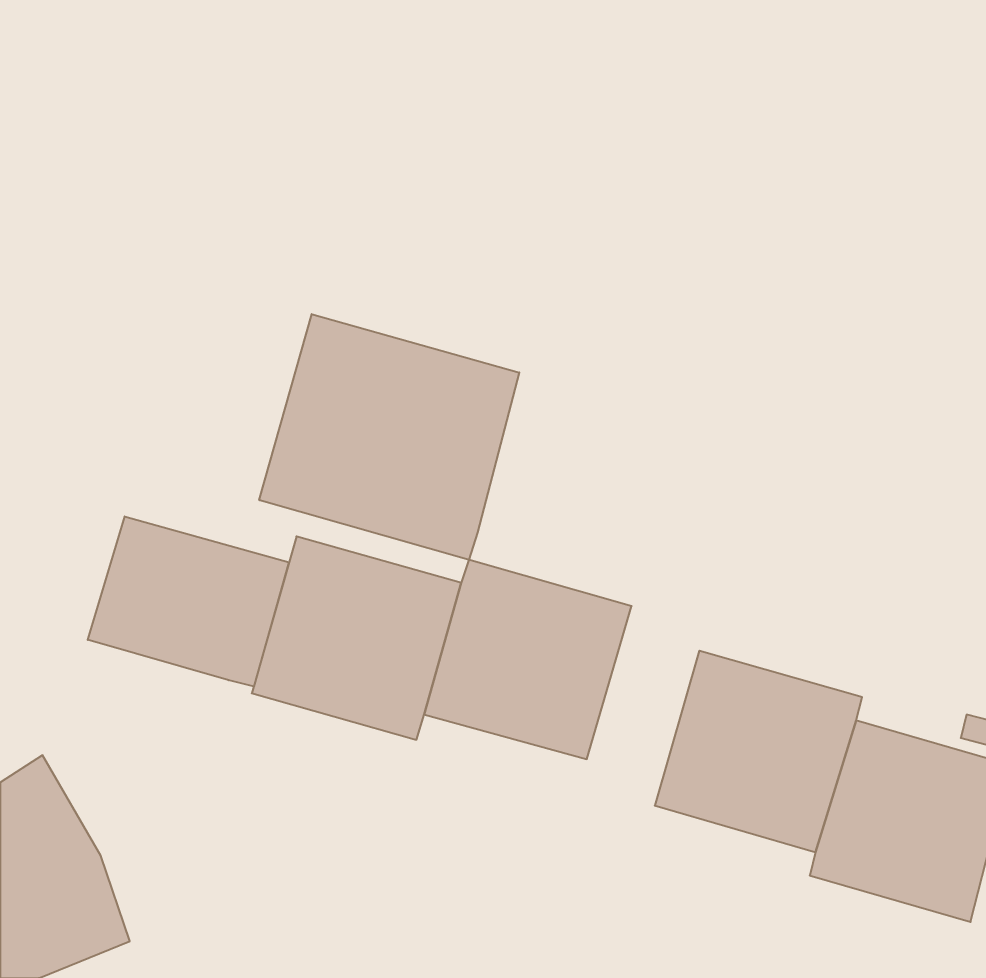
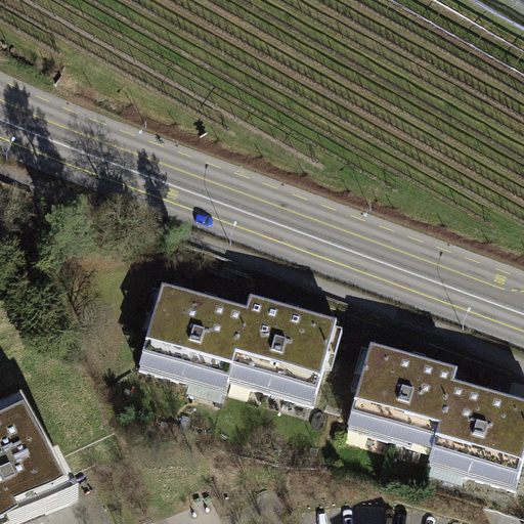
building: [259,314,519,560] -> none
building: [88,516,289,687] -> none

